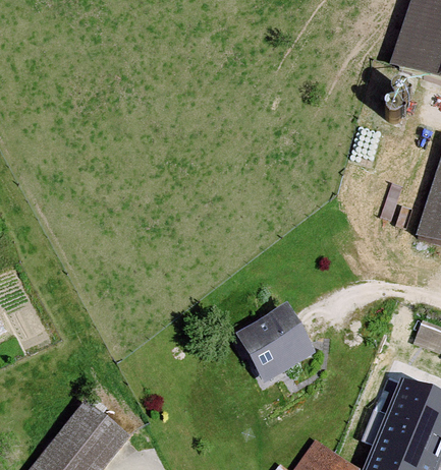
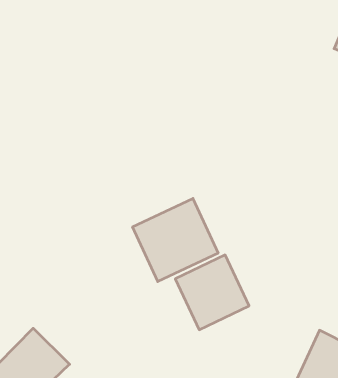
building: none -> [133,198,218,282]

